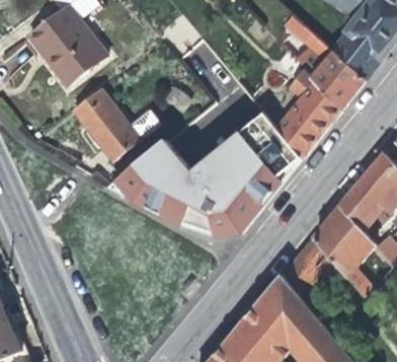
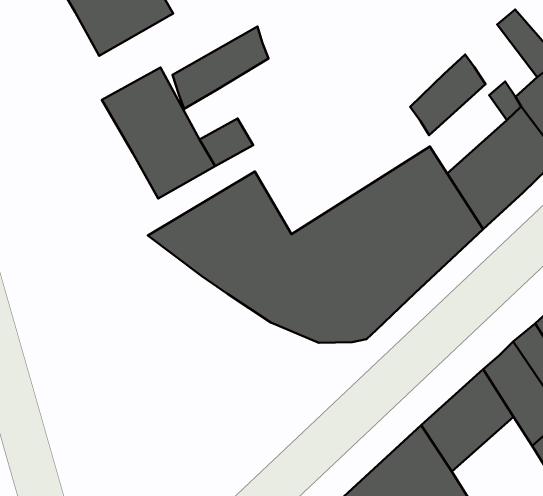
building: none -> [410,54,486,135]
building: none -> [172,26,269,109]

